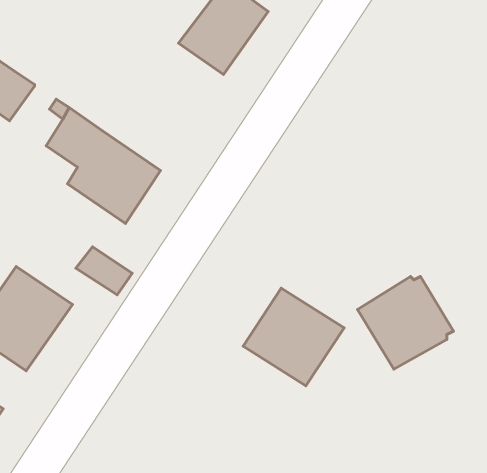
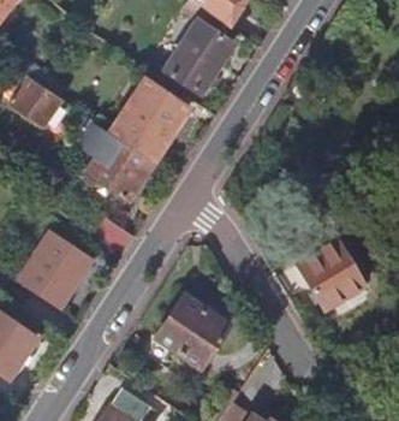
building: none -> [112,79,190,162]
building: [243,288,344,386] -> [156,292,230,363]

